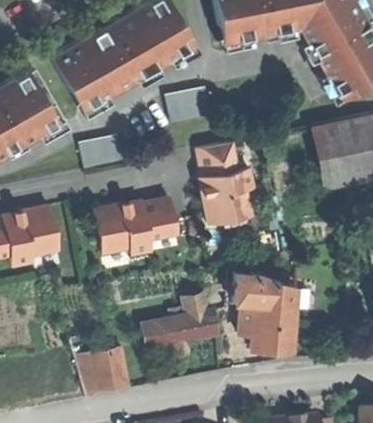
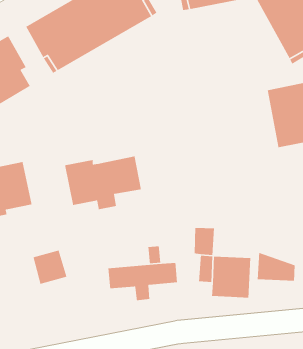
building: [167,89,211,122] -> none
building: [82,137,127,171] -> none
building: [197,142,254,225] -> none
building: [255,275,297,307] -> [257,252,296,282]
building: [90,350,128,388] -> [32,249,68,285]

